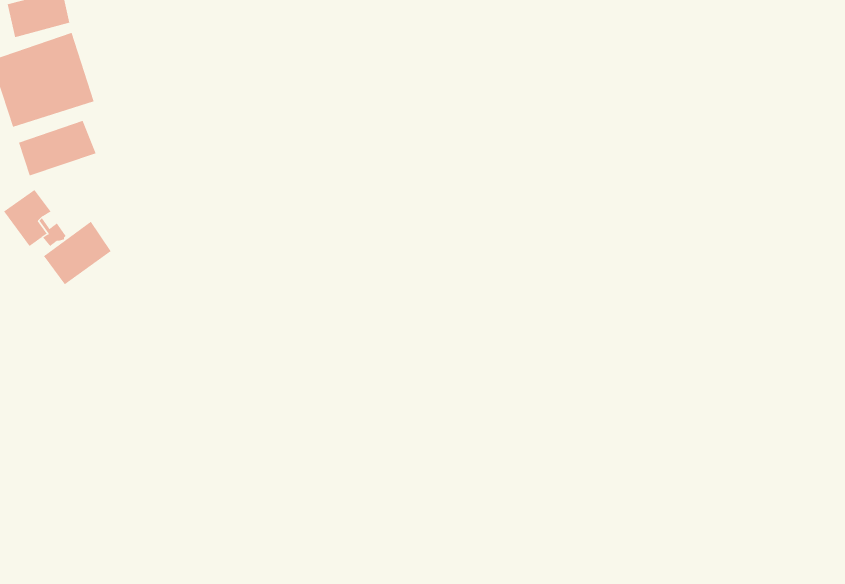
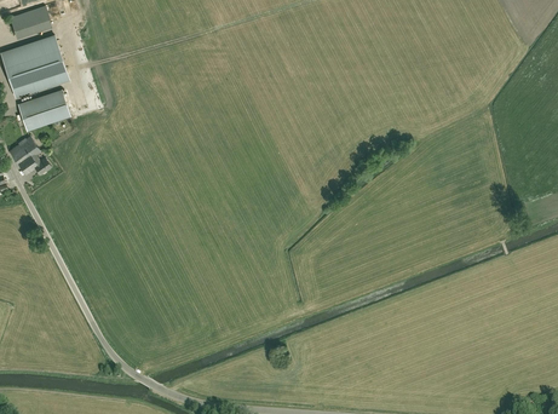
building: [43,221,111,285] -> none

